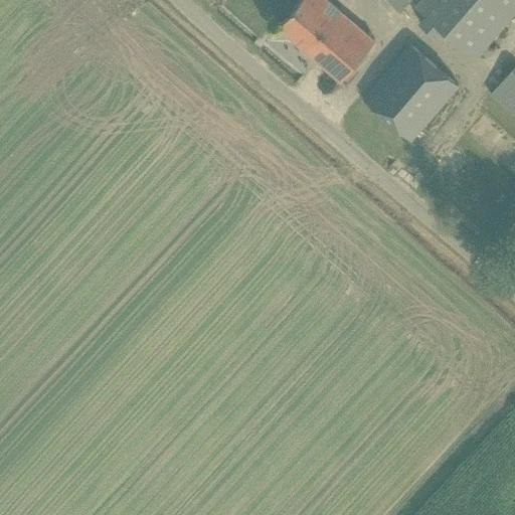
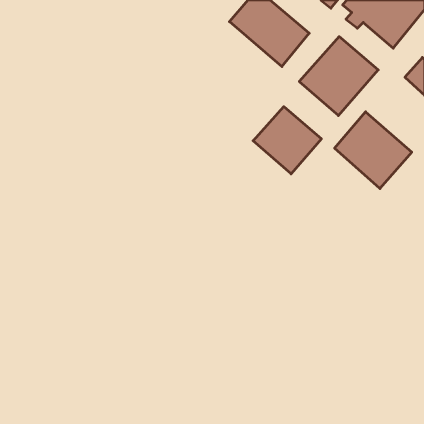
building: none -> [253,107,321,174]
building: none -> [335,112,412,189]

